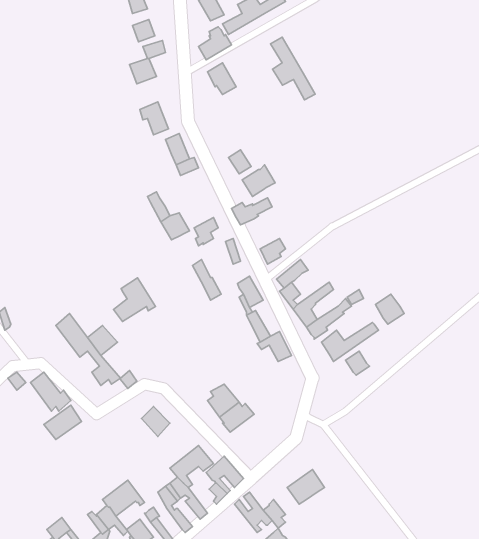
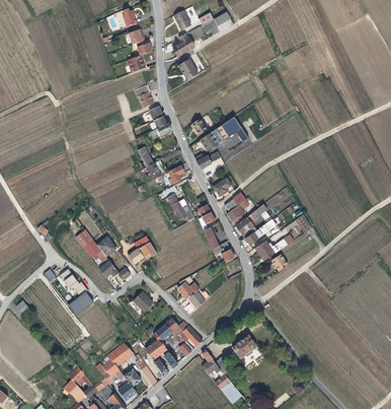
building: [270,37,315,100] -> none
building: none -> [217,118,250,143]
building: [114,278,156,321] -> [129,234,157,264]

